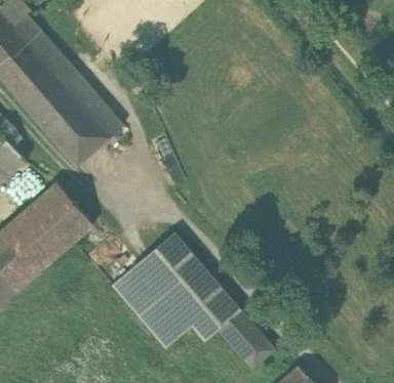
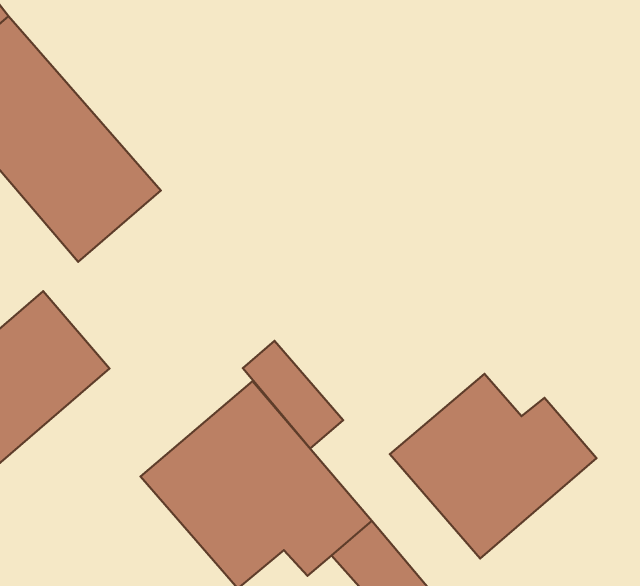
building: none -> [243,341,343,448]
building: none -> [390,374,596,559]

